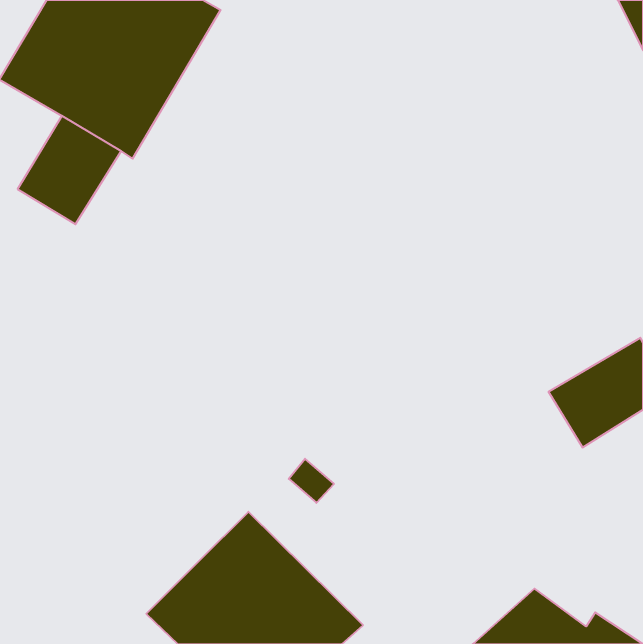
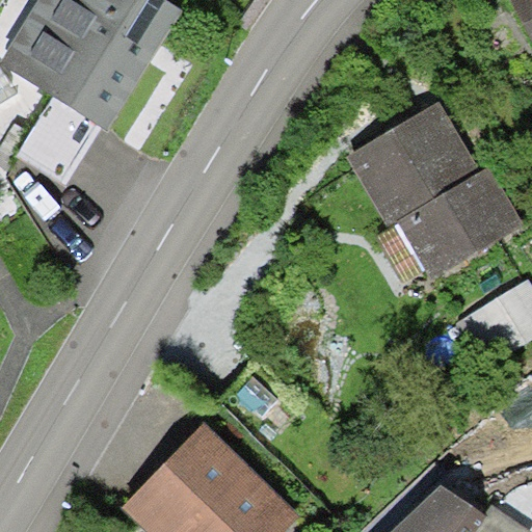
building: none -> [345,101,523,281]

